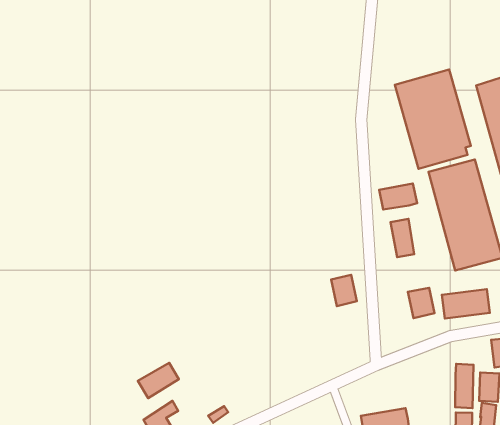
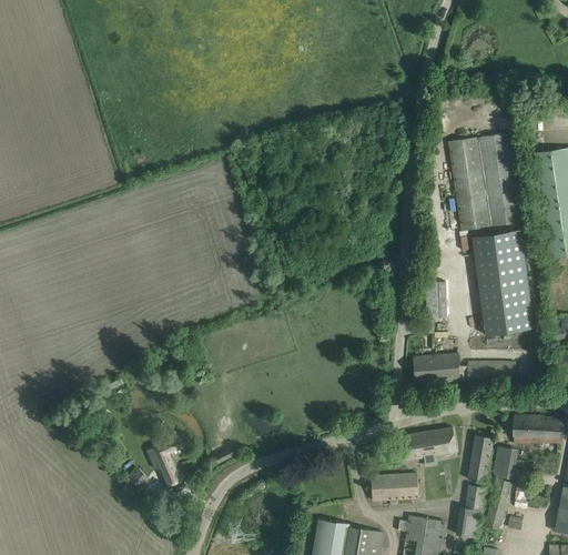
building: [379,184,417,210] -> none
building: [331,275,357,306] -> [414,354,437,384]
building: none -> [400,426,457,460]
building: [138,363,179,398] -> none

